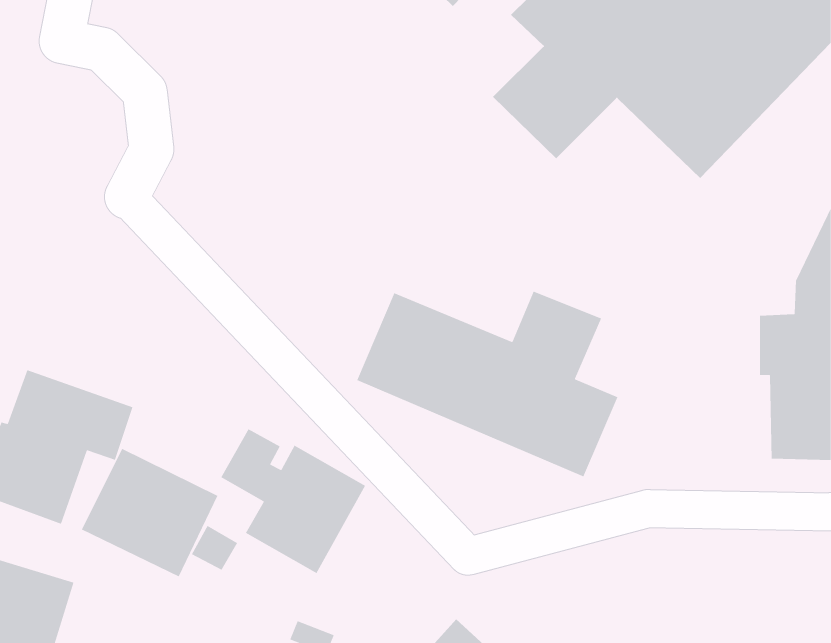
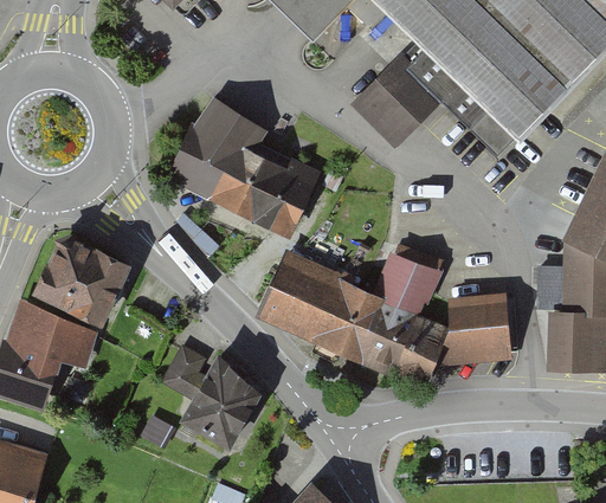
building: none -> [173,103,333,243]
building: none -> [444,294,505,355]
building: [81,448,219,577] -> [28,232,128,325]

